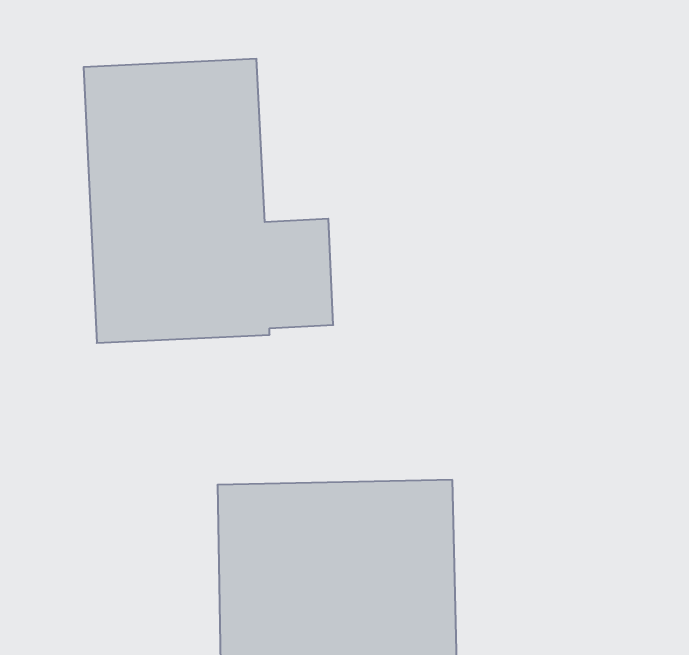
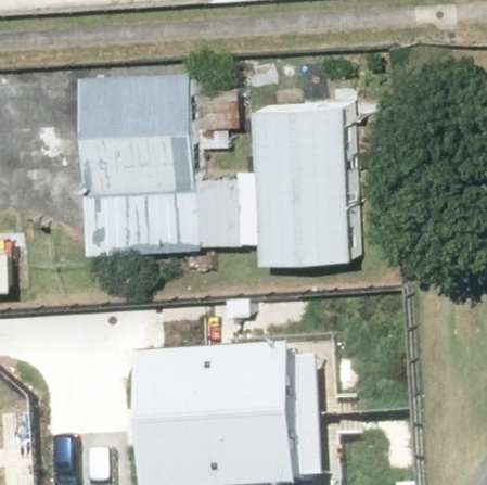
building: none -> [249,104,351,266]

